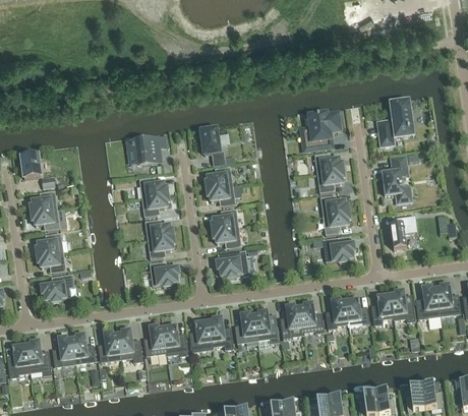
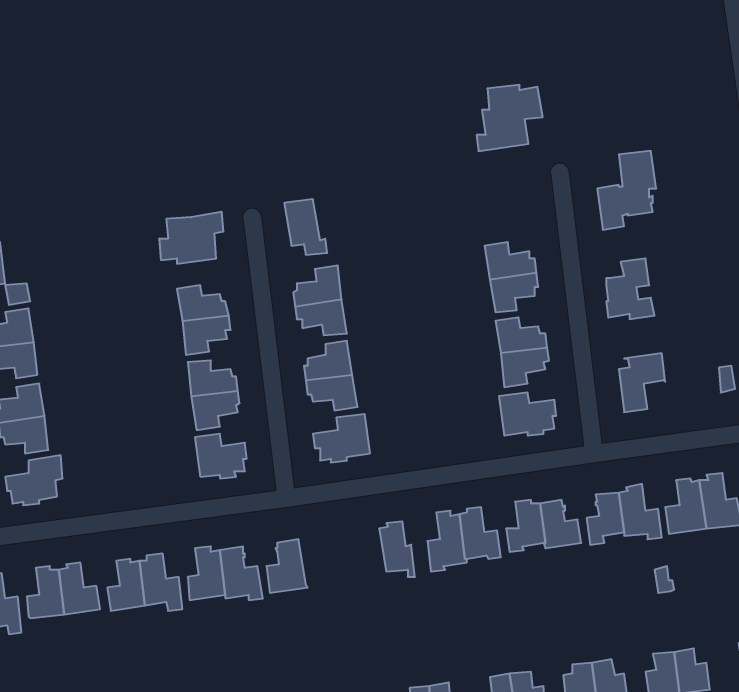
building: [303,111,341,148] -> [477,85,543,151]
building: [236,311,258,348] -> none
building: [209,315,233,348] -> none

